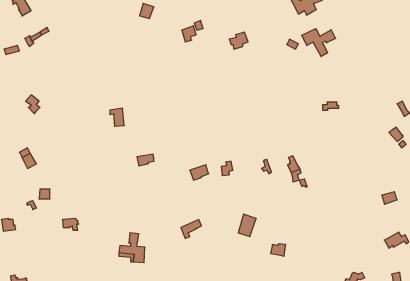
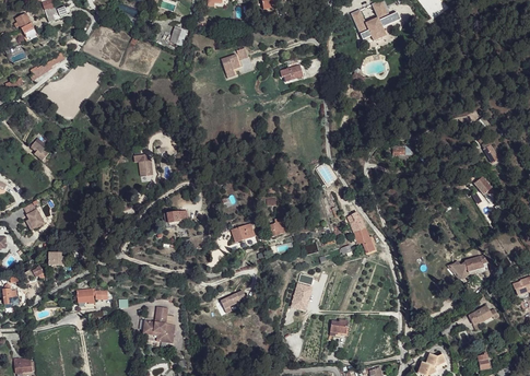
building: [302,29,336,57] -> none

